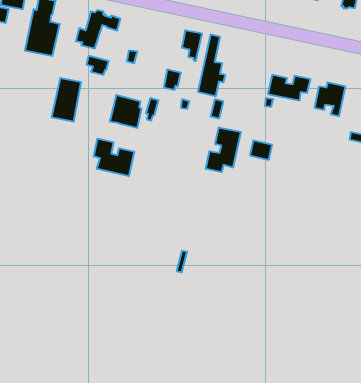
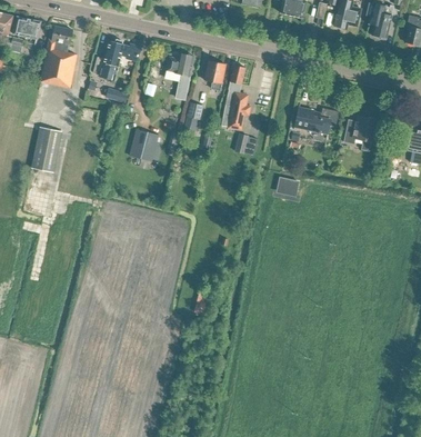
building: none -> [163,53,193,101]
building: [52,78,81,122] -> [30,127,61,172]
building: [206,127,241,172] -> none
building: [94,139,134,176] -> none

